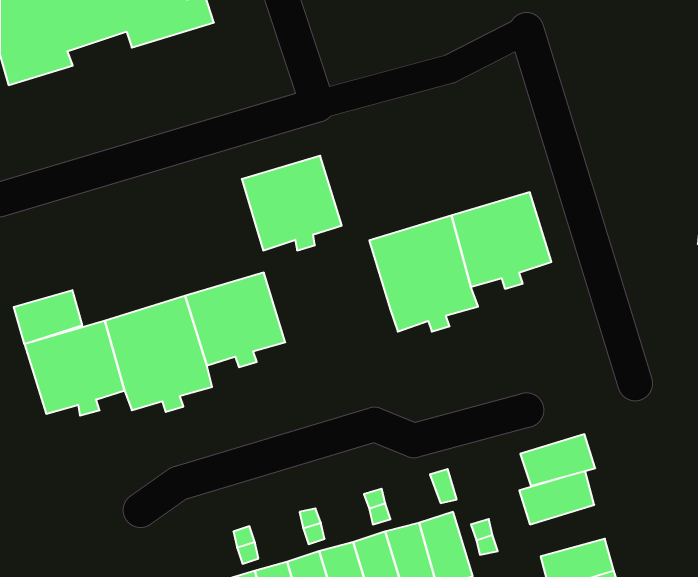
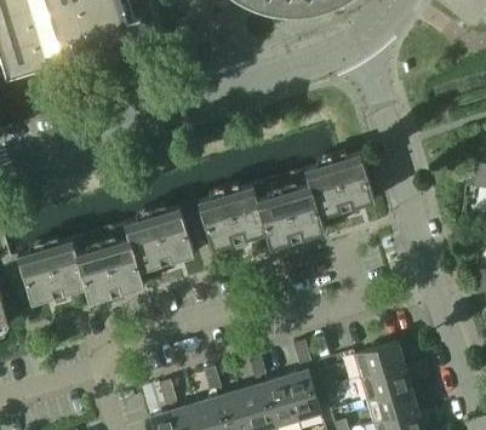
building: [242,156,342,250] -> [198,185,265,250]
building: [14,290,82,344] -> none
building: [520,434,595,486] -> [360,365,411,400]

